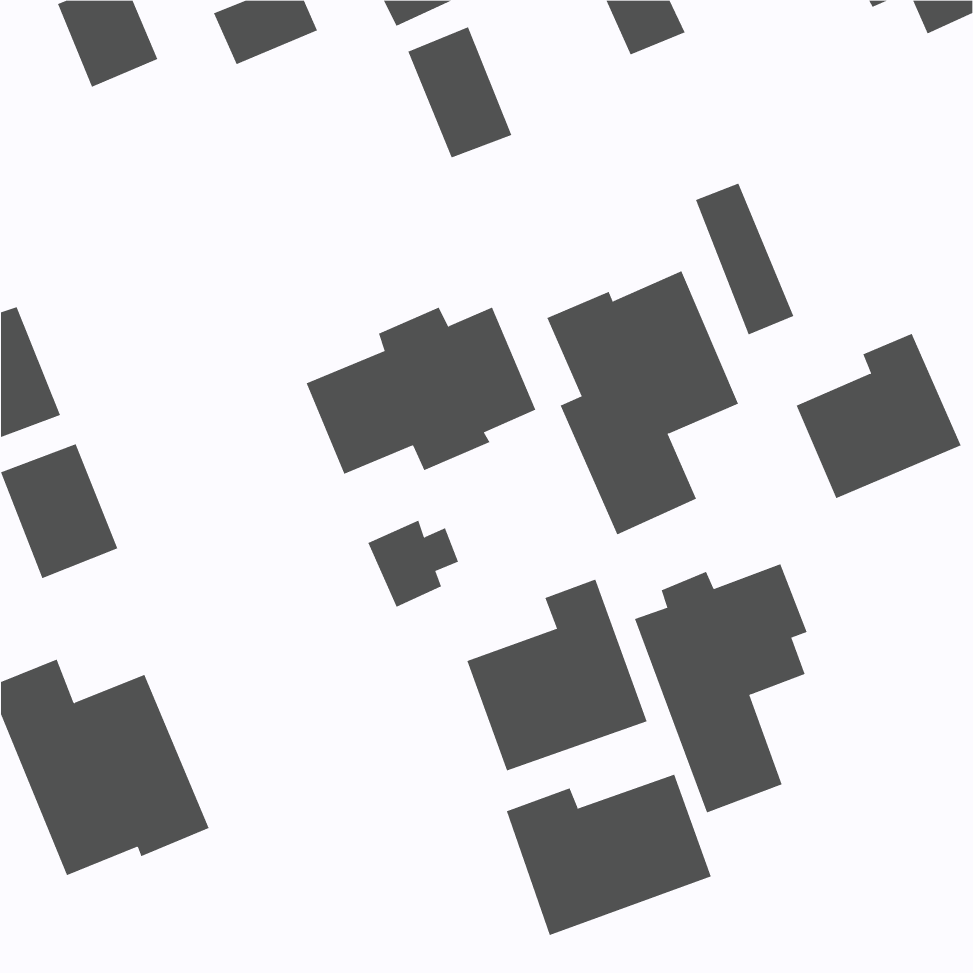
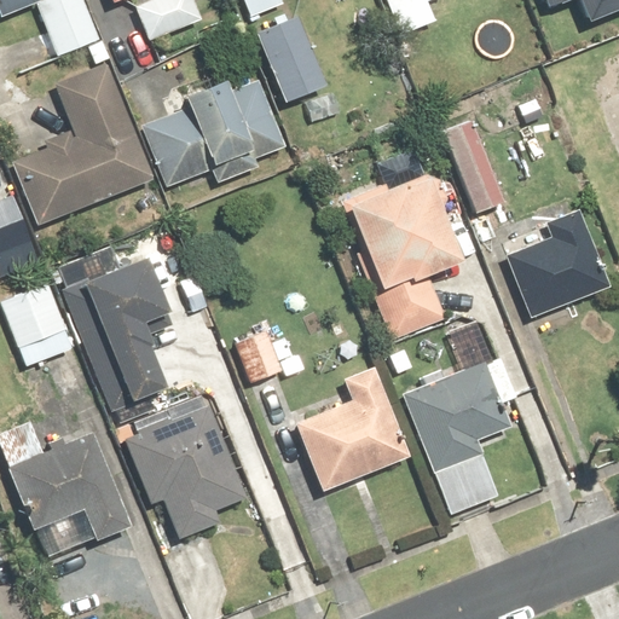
building: none -> [15,65,155,225]
building: [306,307,536,474] -> [141,80,288,186]
building: none -> [63,255,168,410]
building: none -> [126,404,247,540]
building: [506,774,712,936] -> none

